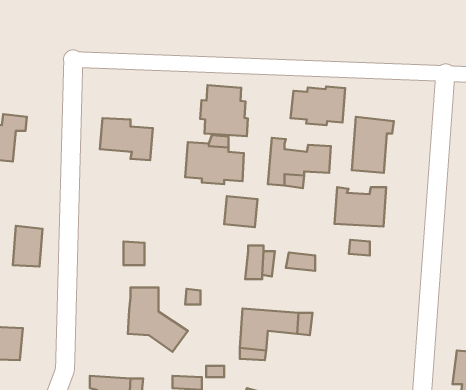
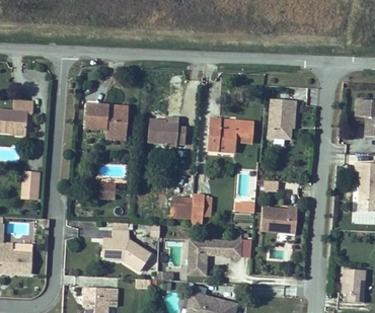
building: [200,85,248,136] -> none
building: [290,86,345,125] -> none
building: [334,187,386,227] -> [263,205,300,233]
building: [224,196,258,227] -> [169,193,194,216]

